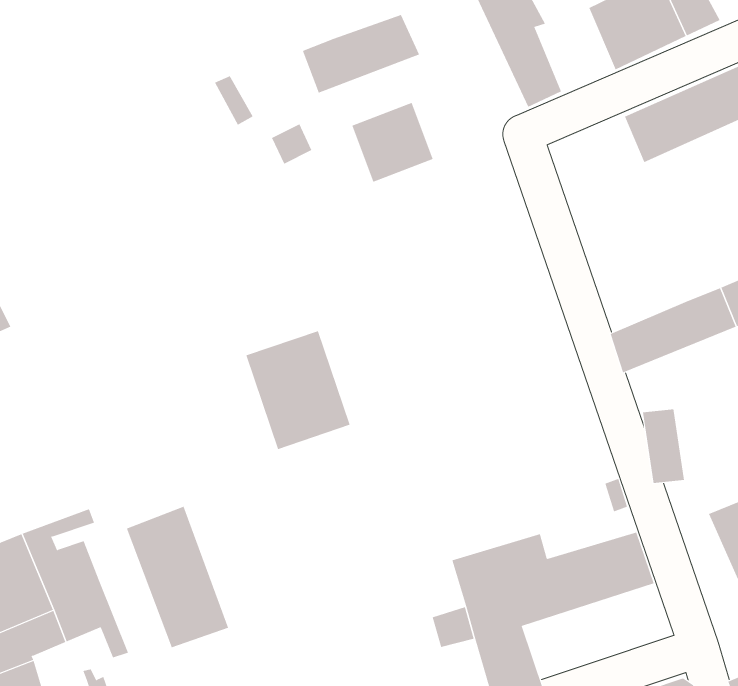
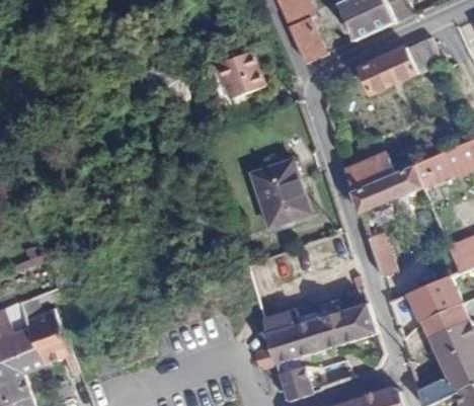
building: [302,14,420,94] -> none
building: none -> [344,152,394,191]
building: [245,330,351,450] -> [250,161,310,229]
building: [126,506,229,648] -> none

